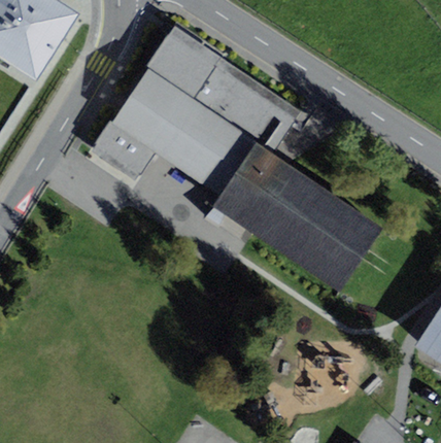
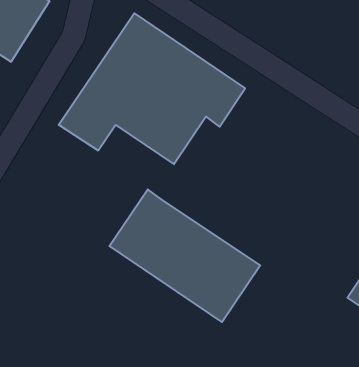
building: [212,142,382,292] -> [109,189,260,322]

